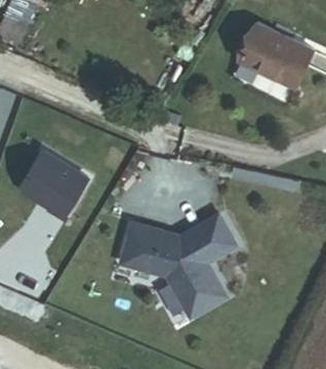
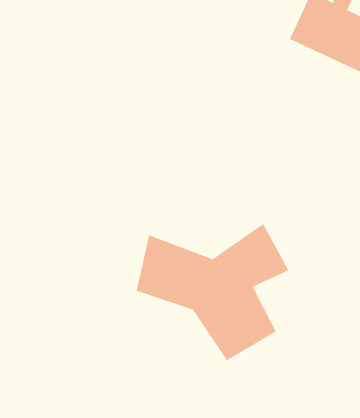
building: [23,152,88,218] -> none

